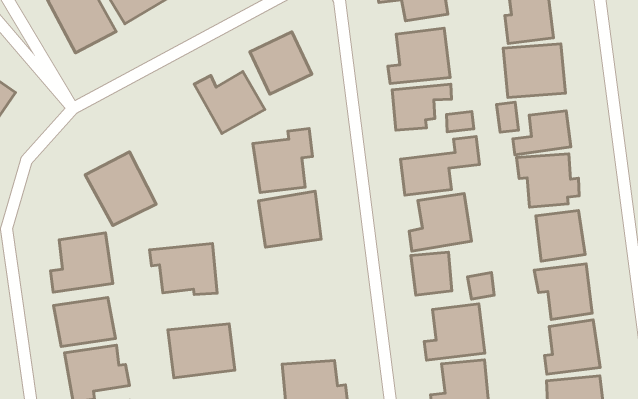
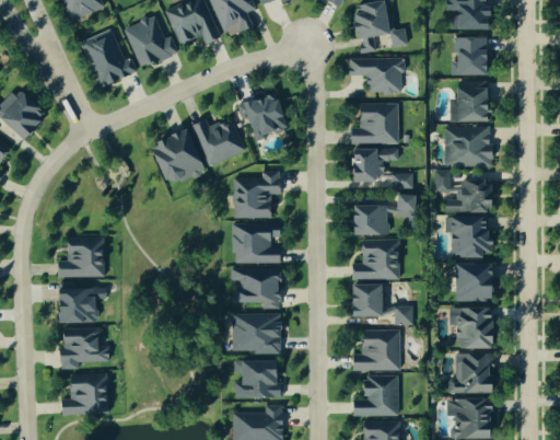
building: [85,152,156,226] -> [149,127,203,185]
building: [150,244,217,294] -> [231,267,282,309]
building: [168,324,235,378] -> [231,313,281,352]

